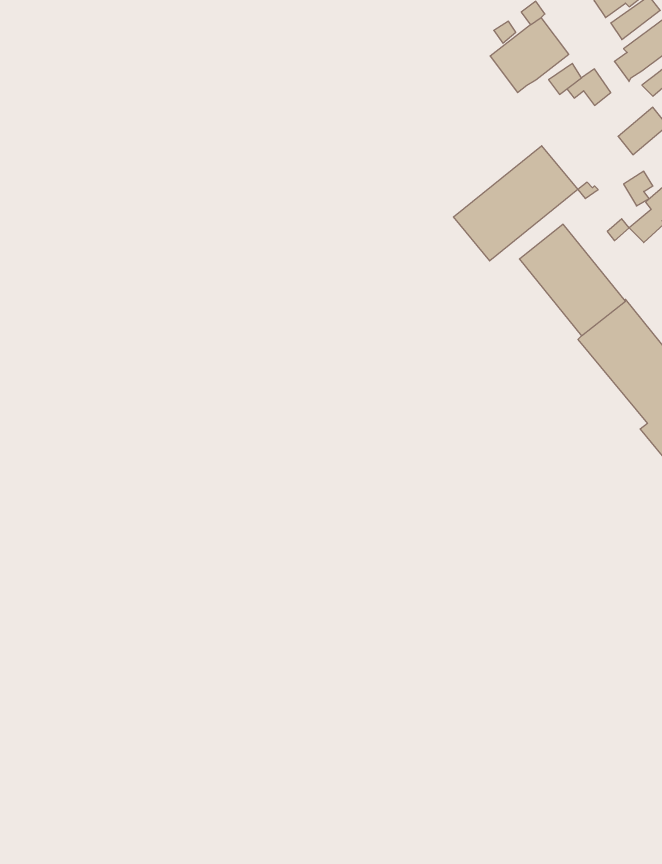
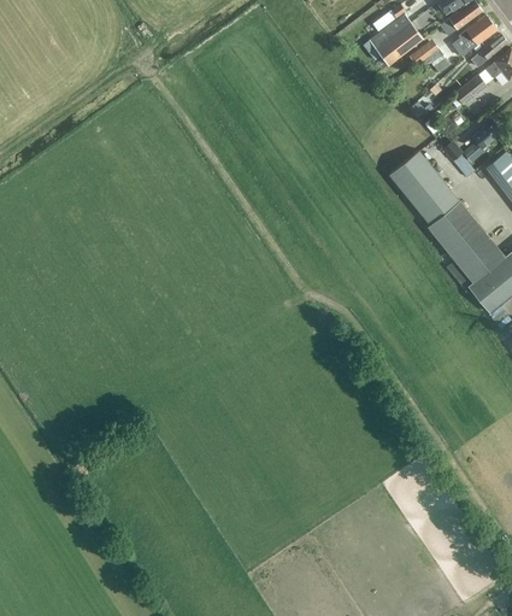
building: [453,146,578,261] -> none

